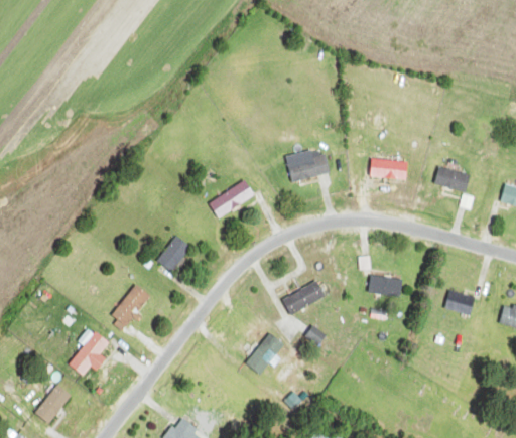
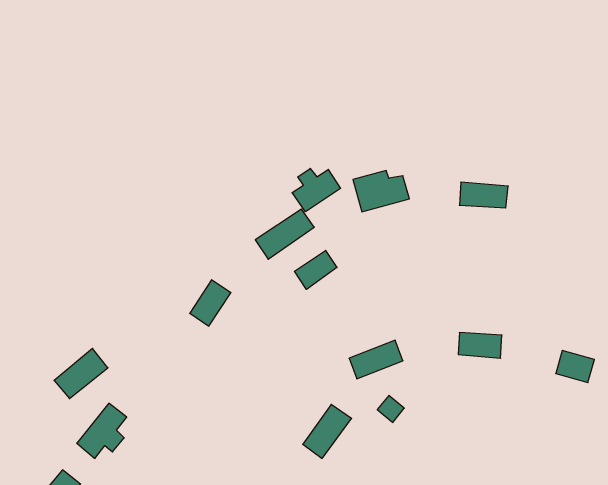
building: none -> [292,168,341,212]
building: [435,166,470,191] -> none
building: none -> [294,250,337,289]
building: [111,286,153,325] -> [54,348,108,399]

